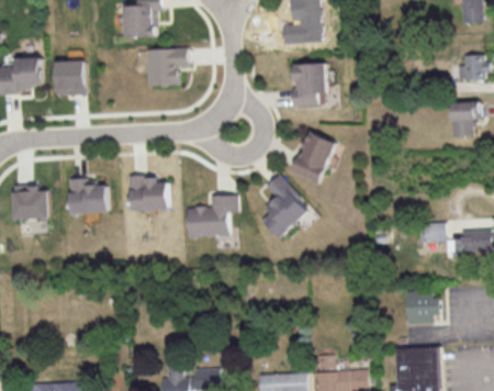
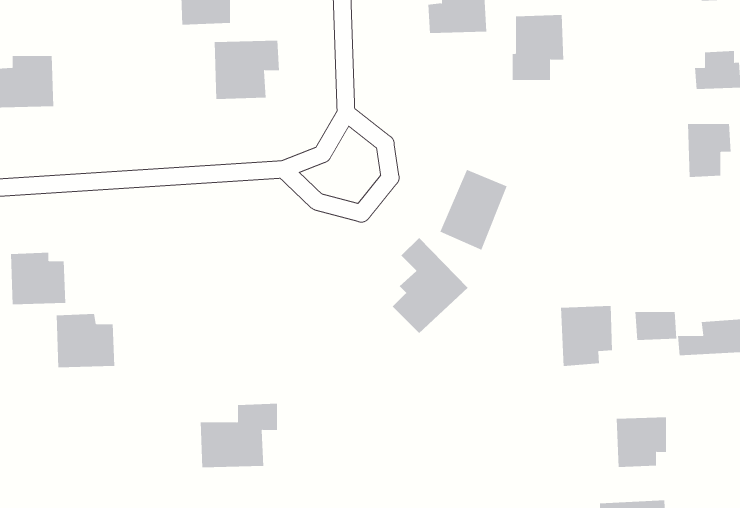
building: [55,62,86,96] -> none
building: [292,64,326,107] -> [512,14,564,80]
building: [130,177,168,211] -> none
building: [69,179,108,214] -> [56,314,115,368]
building: [187,196,237,237] -> [200,403,278,468]
building: none -> [561,305,613,367]

